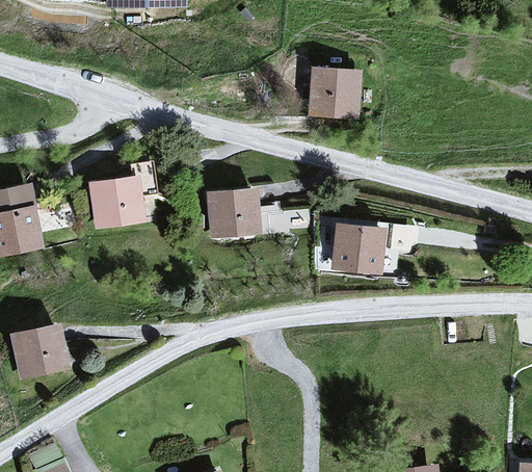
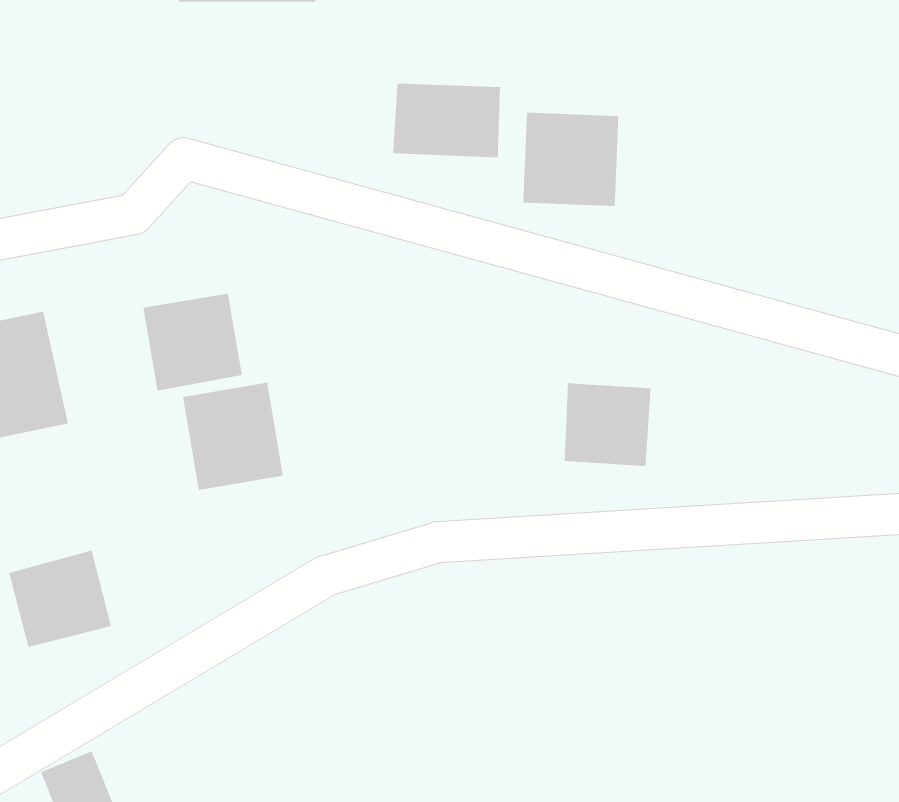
building: none -> [392,83,501,158]
building: [207,185,261,238] -> none
building: none -> [182,382,284,491]

